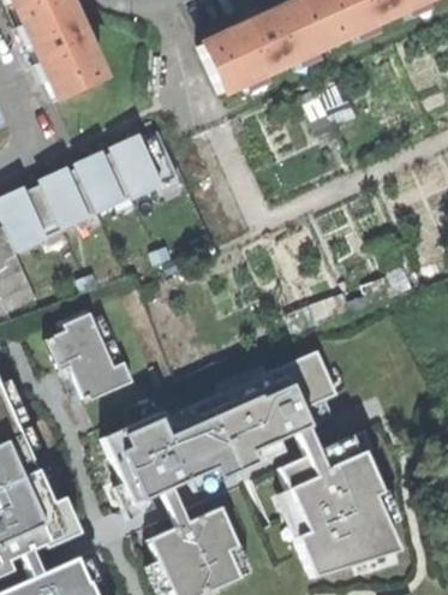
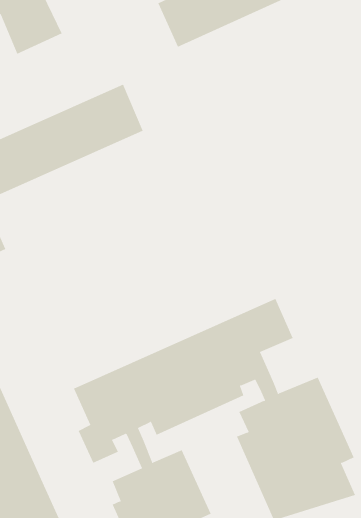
building: [47,310,133,401] -> none

